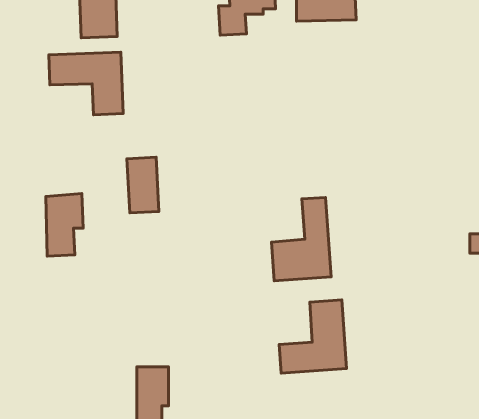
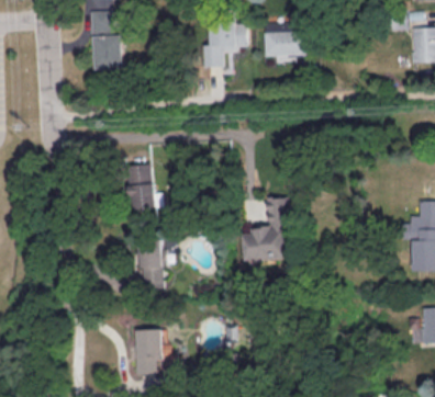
building: [49,52,123,115] -> none
building: [46,194,83,256] -> [141,241,170,291]
building: [279,300,346,373] -> none

